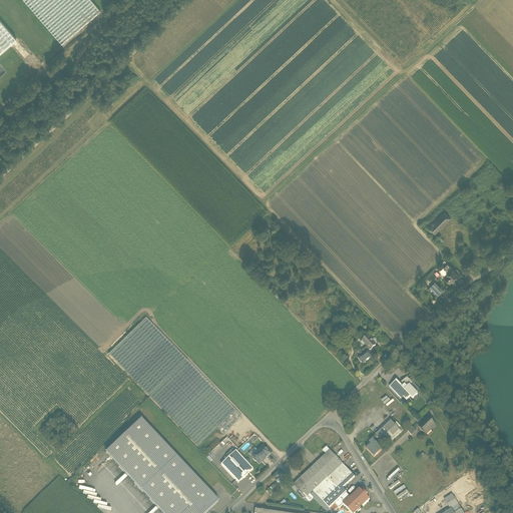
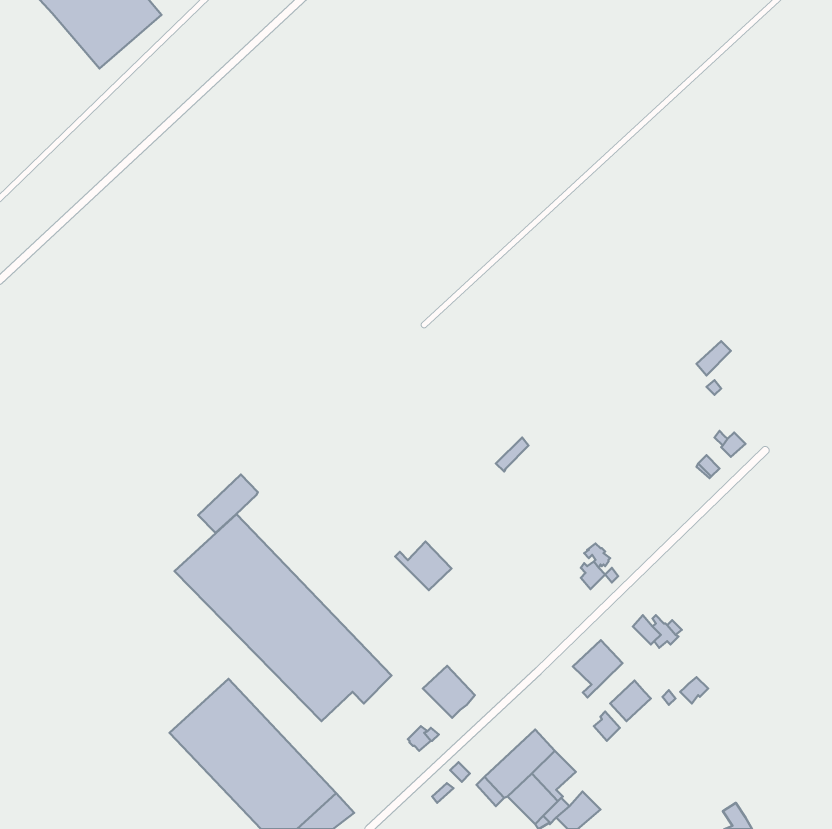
building: none -> [198,475,258,533]
building: none -> [395,541,451,590]
building: none -> [573,640,622,697]
building: [219,448,251,480] -> [423,666,475,718]

